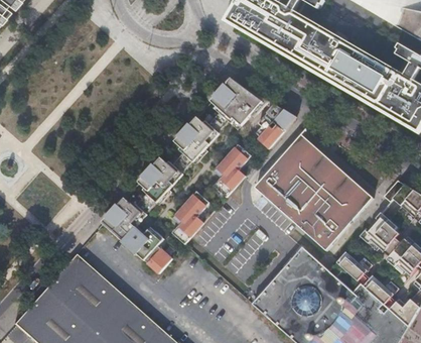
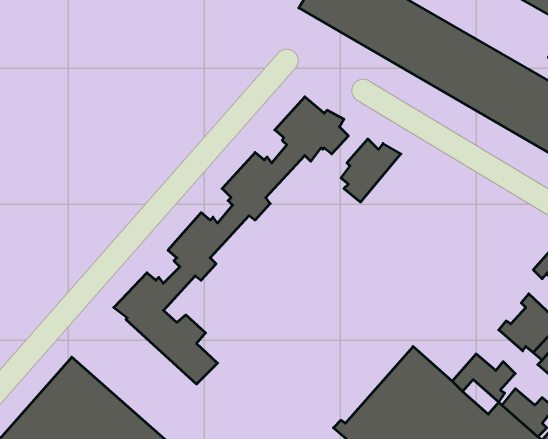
building: [255,133,374,250] -> none
building: [216,144,252,196] -> none
building: [174,191,209,243] -> none

